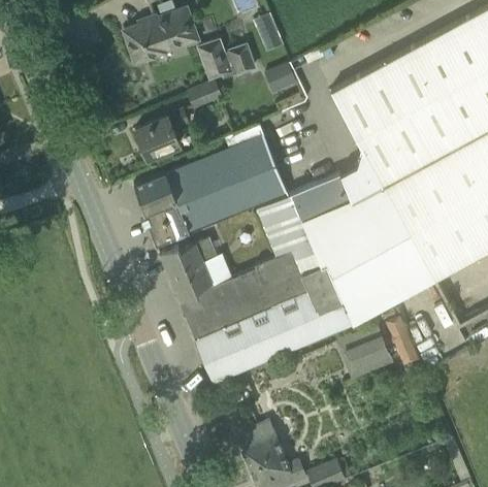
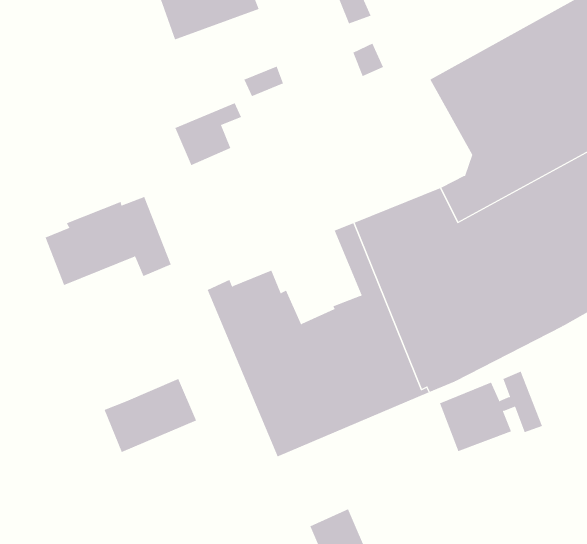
building: [197,39,258,83] -> none
building: [135,135,286,245] -> none
building: none -> [45,196,172,286]
building: none -> [104,378,197,453]

